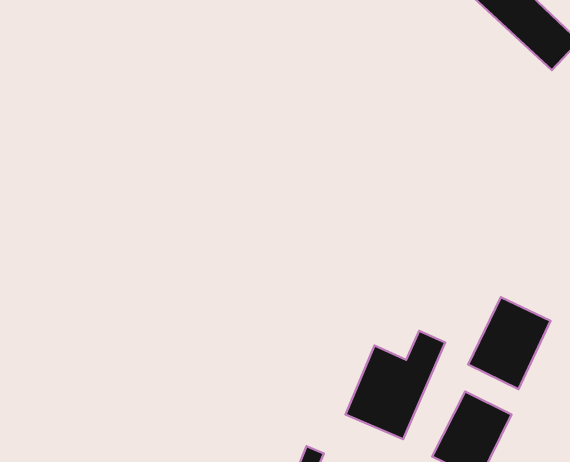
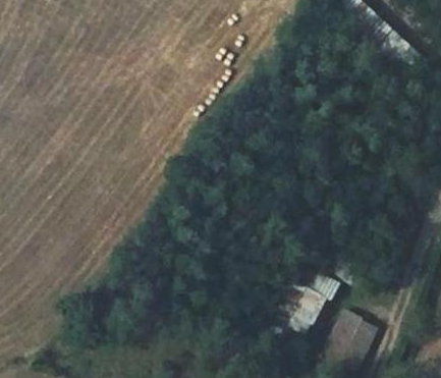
building: [468,297,550,389] -> none

